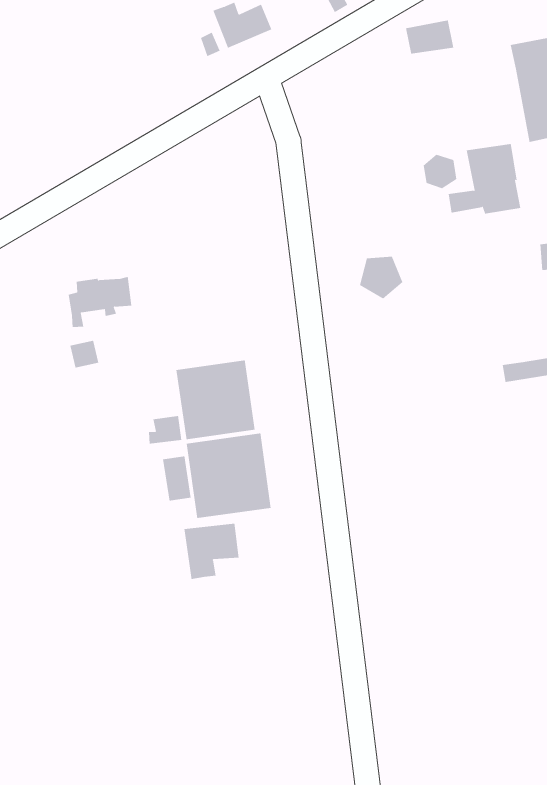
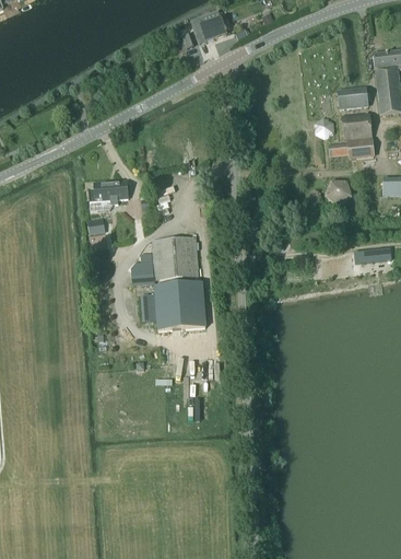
building: [405,20,454,54] -> [338,89,367,108]
building: [359,256,403,299] -> [325,182,352,208]
building: [184,523,239,580] -> none

